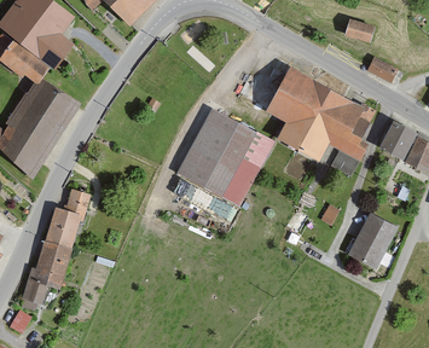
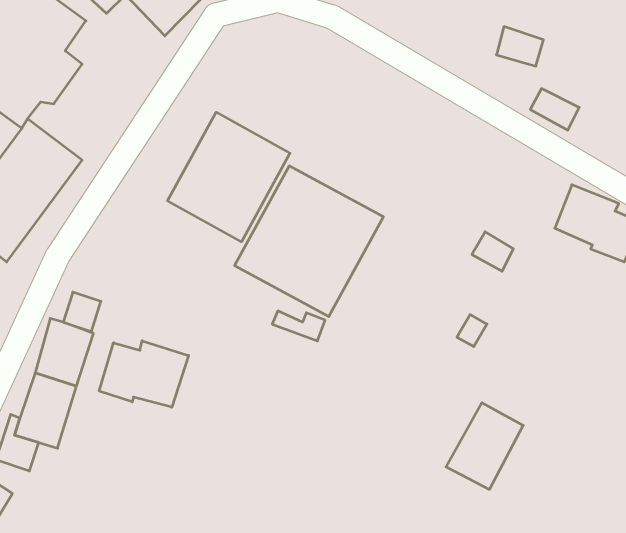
building: [265,62,383,160] -> none
building: none -> [168,112,290,242]
building: [347,213,396,268] -> [446,403,523,489]
building: none -> [99,341,189,407]

